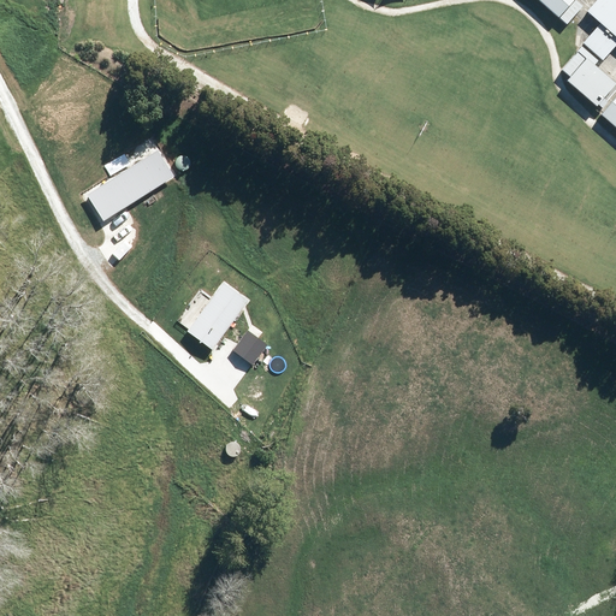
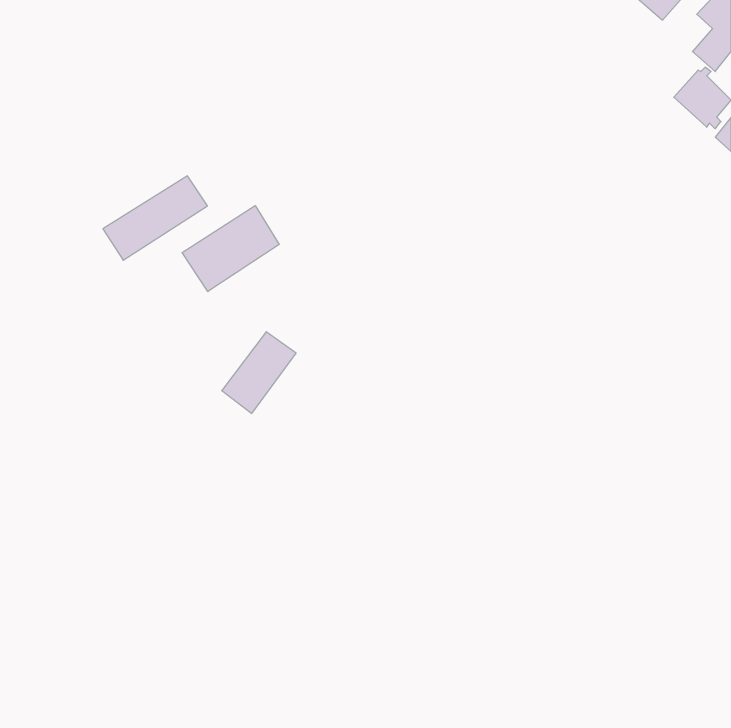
building: none -> [182,206,279,292]
building: [233,327,267,362] -> none

